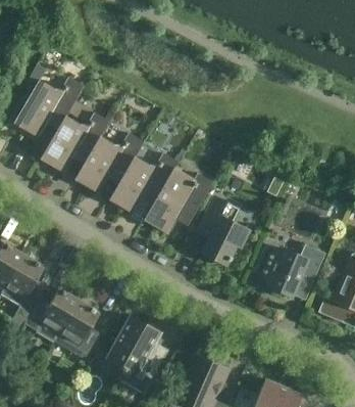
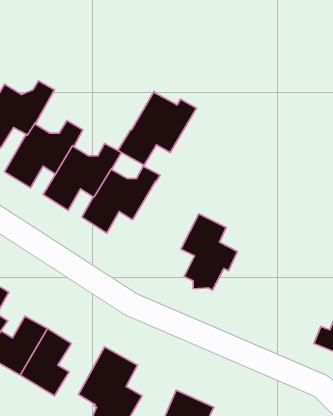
building: [143,167,213,233] -> [118,91,196,165]
building: [258,244,324,298] -> none

